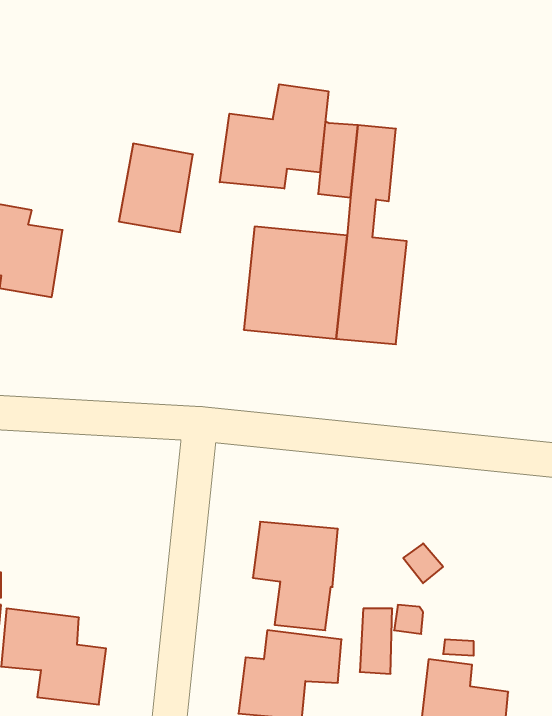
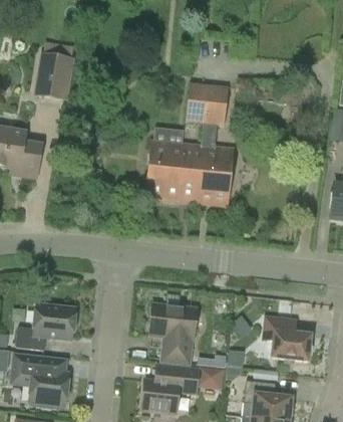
building: [220,84,328,189] -> none
building: [119,144,193,232] -> [33,51,74,100]
building: none -> [16,304,75,350]
building: none -> [264,316,311,361]

